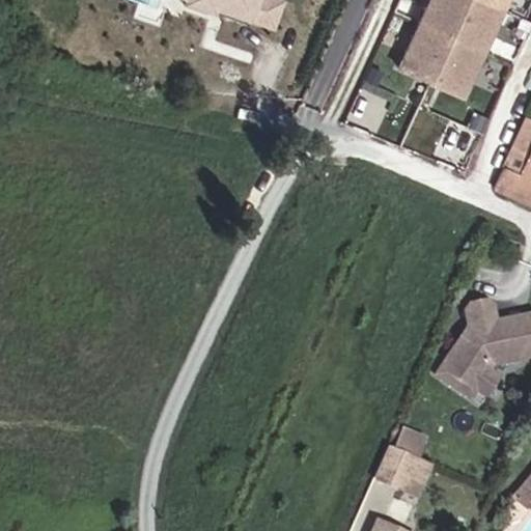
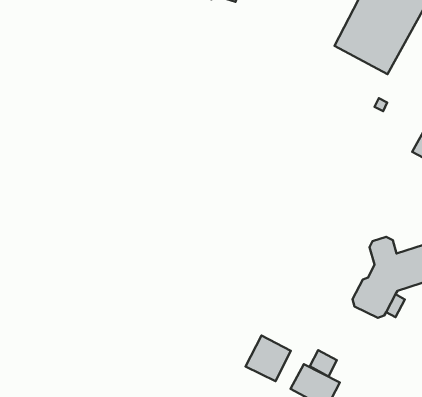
building: none -> [246,335,291,381]

